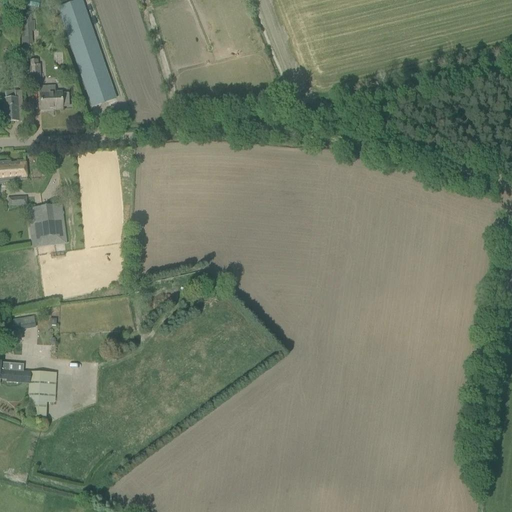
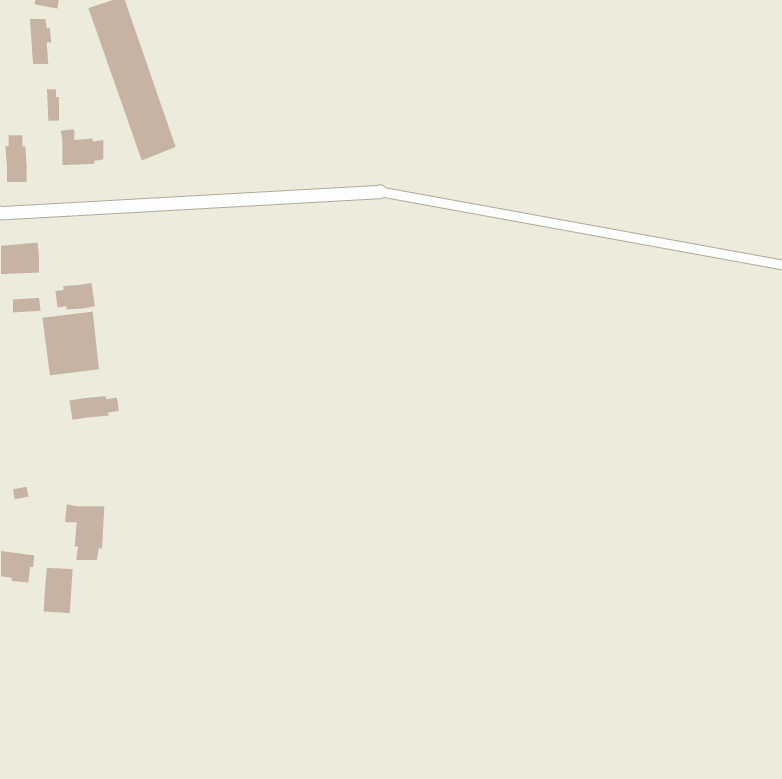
building: none -> [55,282,95,310]
building: none -> [69,396,120,421]
building: none -> [65,503,105,561]

